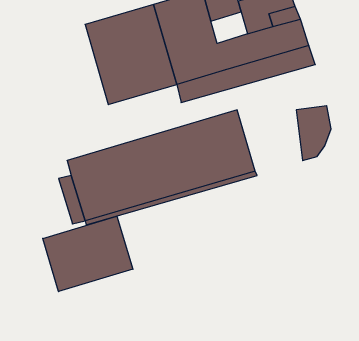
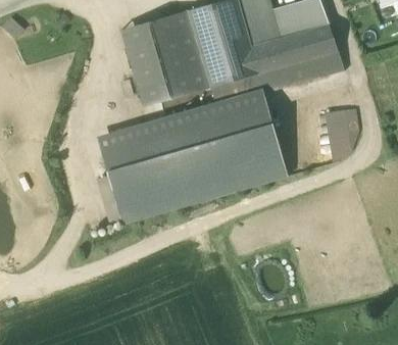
building: none -> [243,17,279,48]
building: none -> [97,89,268,161]
building: [43,216,133,292] -> none

